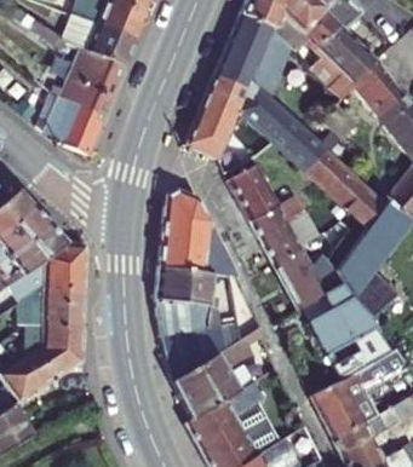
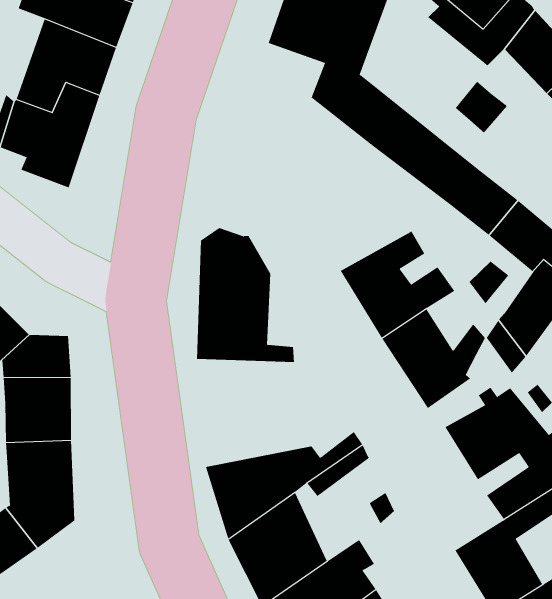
building: [187,75,276,172] -> none
building: [229,162,296,218] -> none
building: [157,266,235,333] -> none

